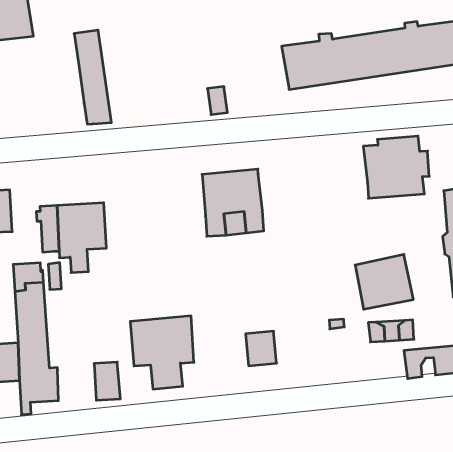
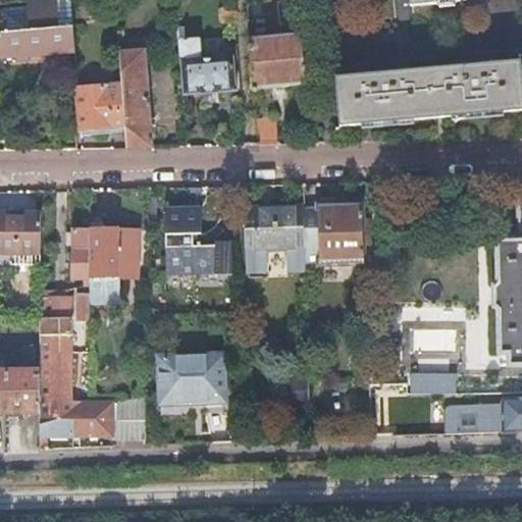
building: none -> [249,33,306,88]
building: none -> [179,37,238,93]
building: none -> [79,84,125,137]
building: [363,136,429,198] -> [304,202,371,264]
building: none -> [168,204,216,273]
building: none -> [80,402,112,434]

